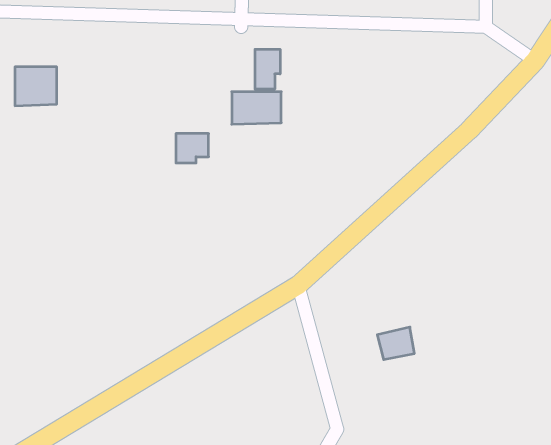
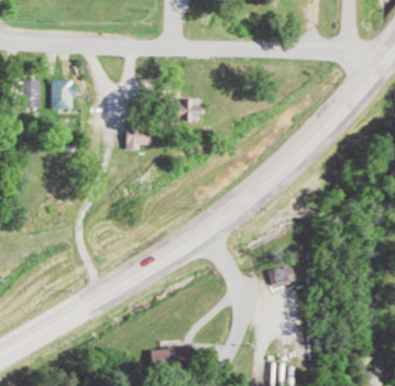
building: [255,49,280,89] -> none
building: none -> [52,79,74,109]

